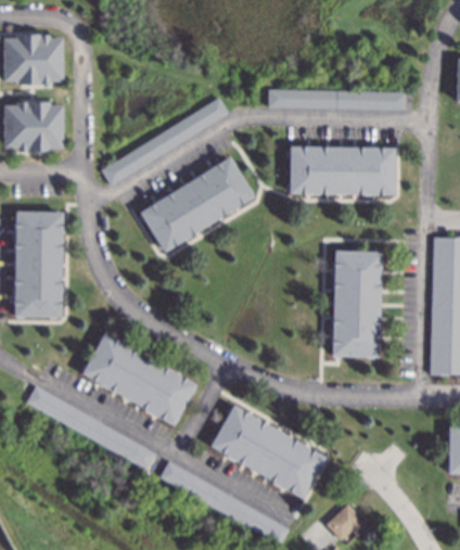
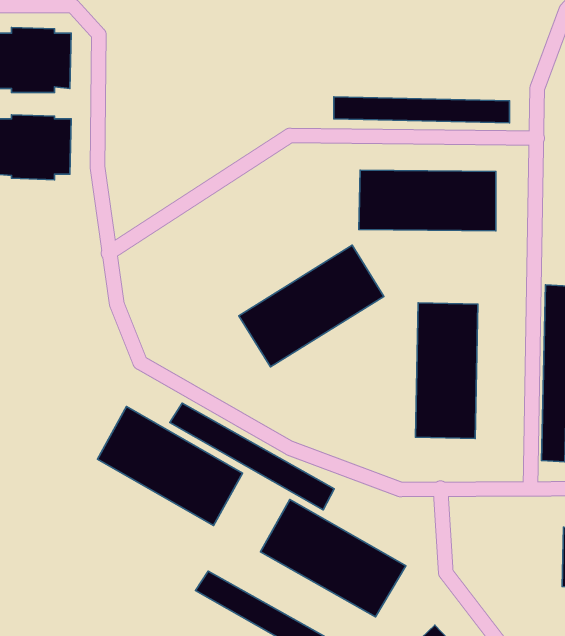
building: [102,97,230,186] -> none
building: [141,156,255,252] -> [239,245,384,367]
building: [16,212,64,318] -> none
building: [28,386,157,470] -> [170,403,334,510]

